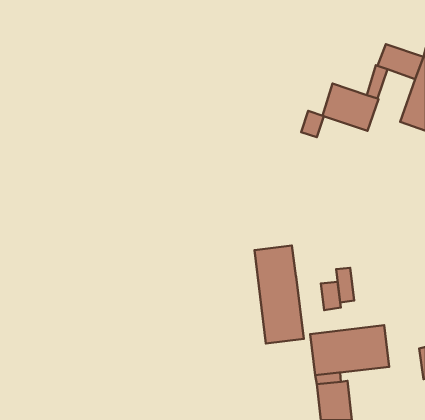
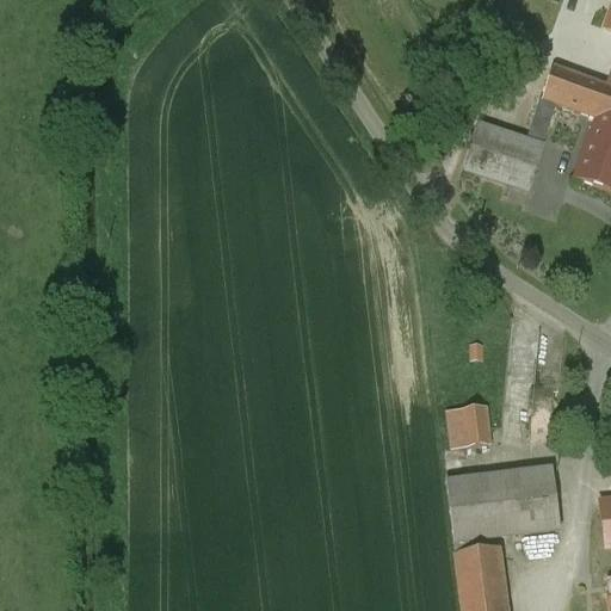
building: [301,111,324,137] -> none
building: [254,246,304,344] -> none
building: [336,268,354,303] -> none

